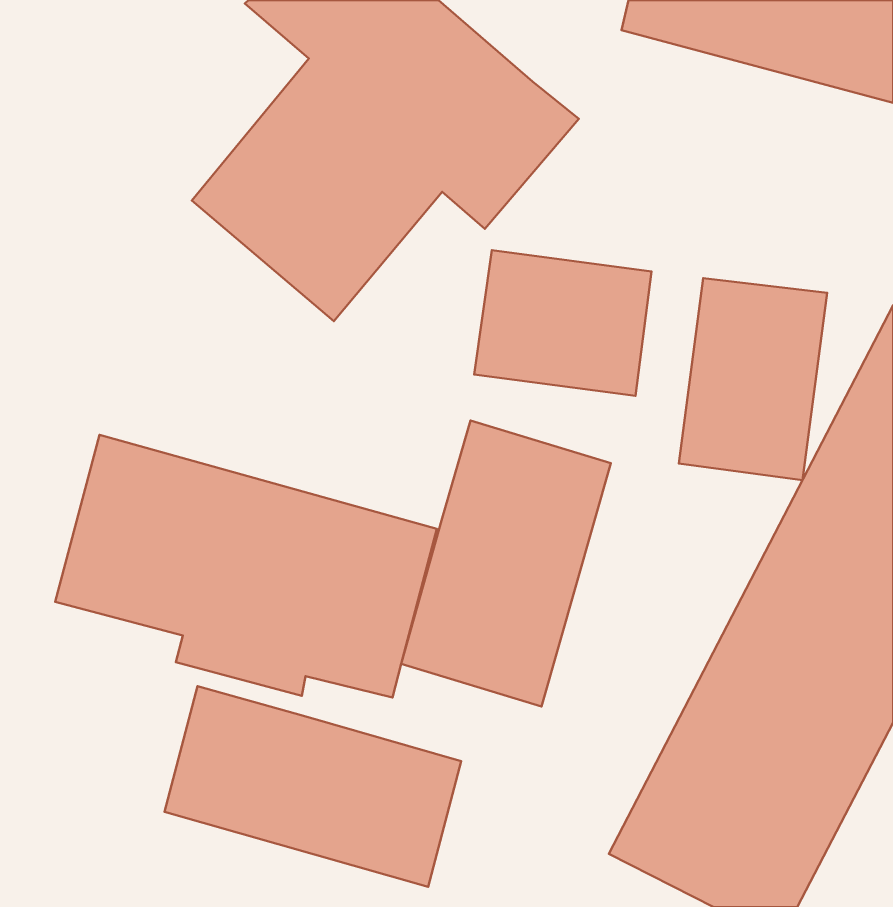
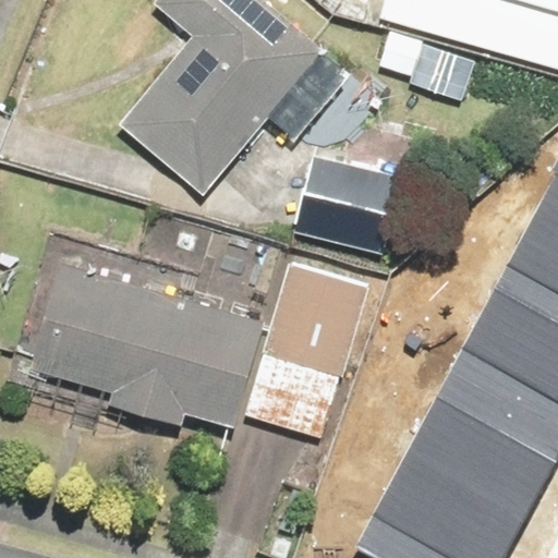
building: [679,278,827,480] -> none
building: [165,686,461,887] -> none

